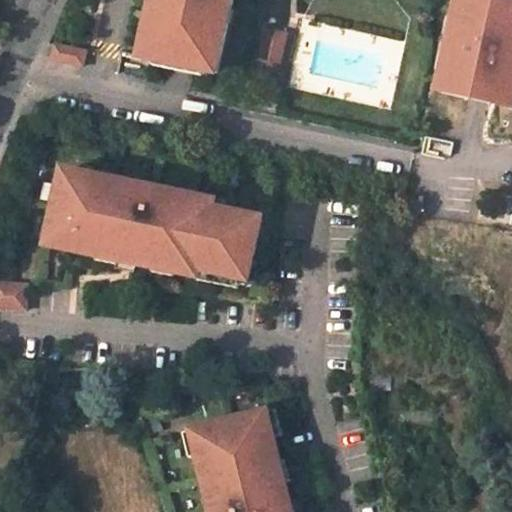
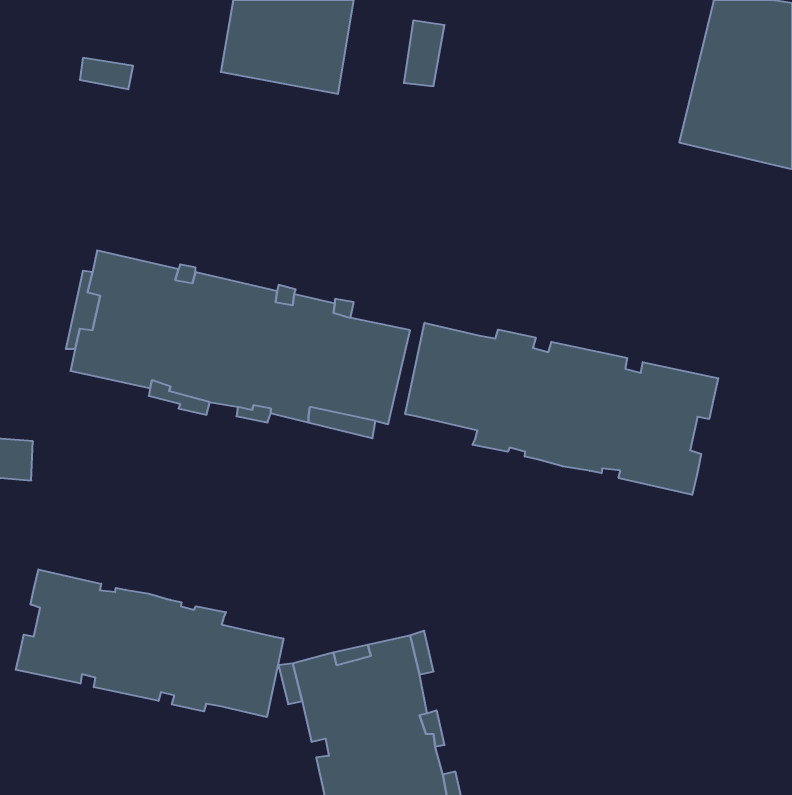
building: none -> [405,323,718,495]
building: none -> [16,569,283,717]

